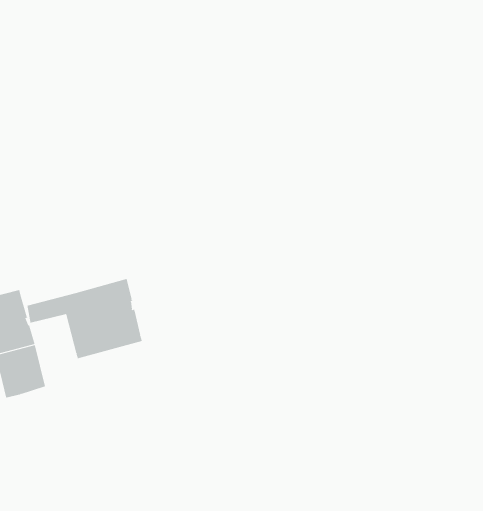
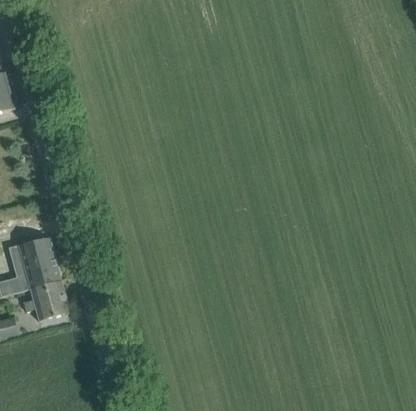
building: [27,278,142,359] -> none

